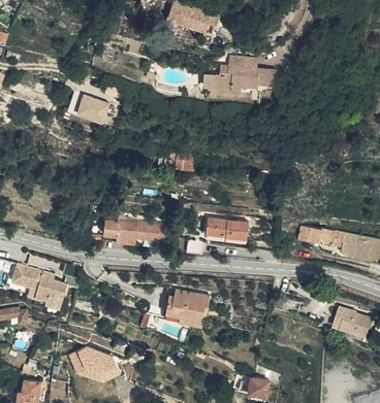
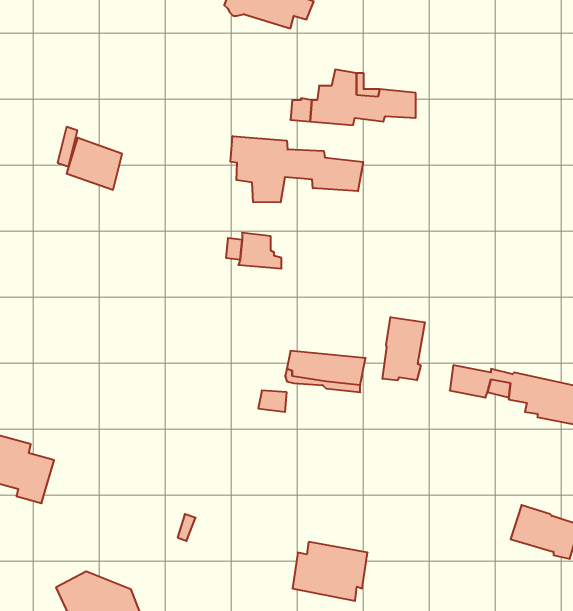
building: none -> [230,136,363,202]
building: none -> [383,317,425,380]
building: [102,212,164,244] -> none
building: [165,291,209,325] -> [292,542,368,601]

